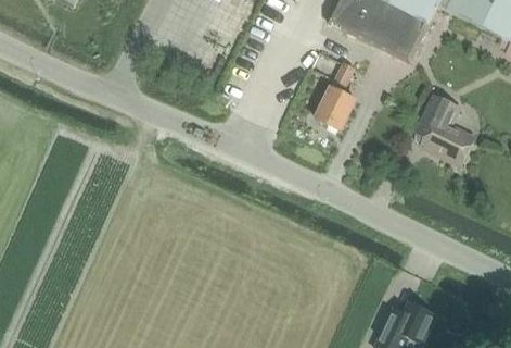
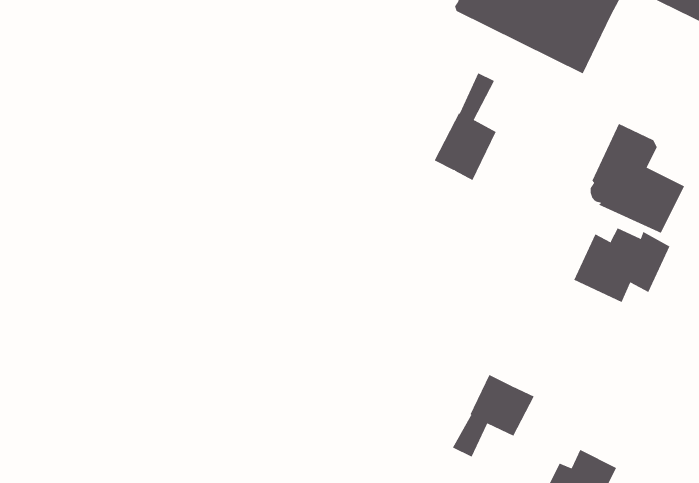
building: none -> [573,228,670,303]
building: none -> [452,374,535,457]

